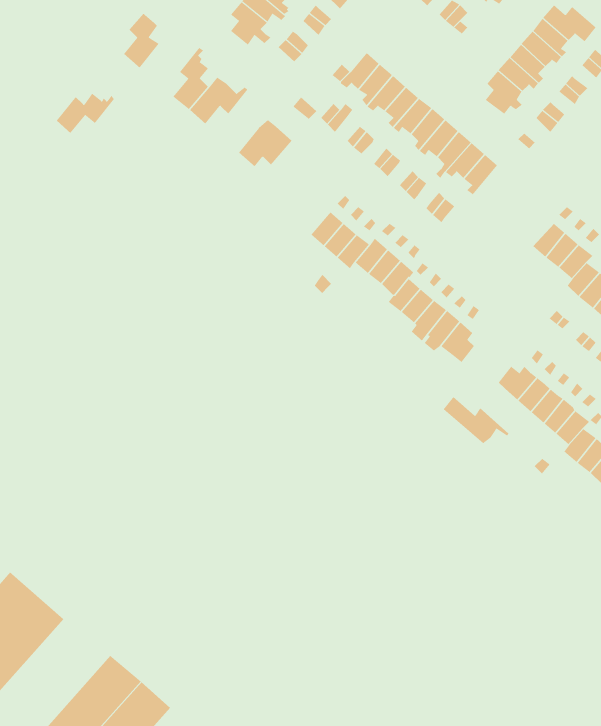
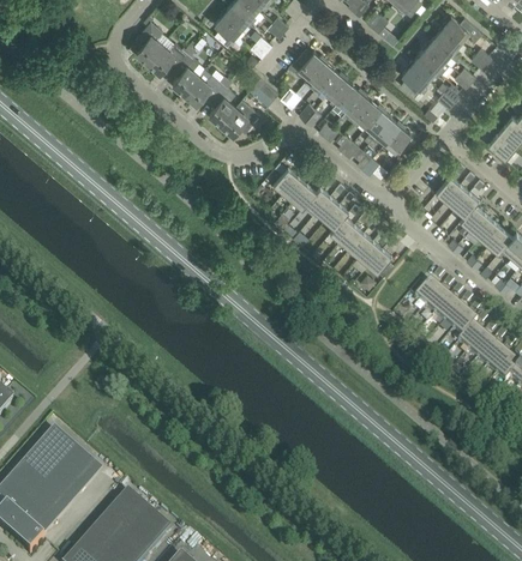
building: none -> [208,78,234,123]
building: [56,93,115,134] -> [148,42,191,72]
building: [443,396,509,444] -> none

